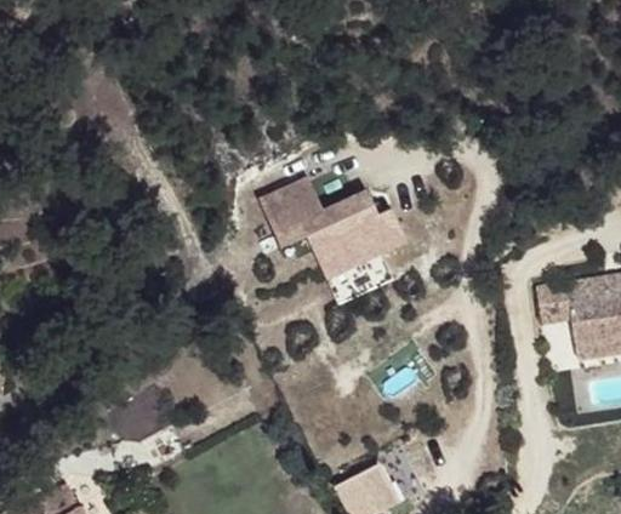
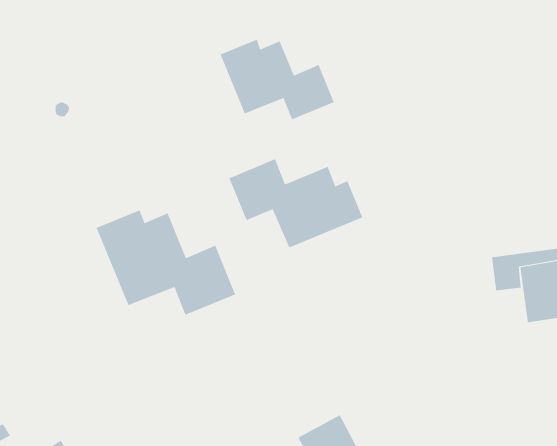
building: none -> [220,39,334,120]
building: none -> [96,209,236,316]

